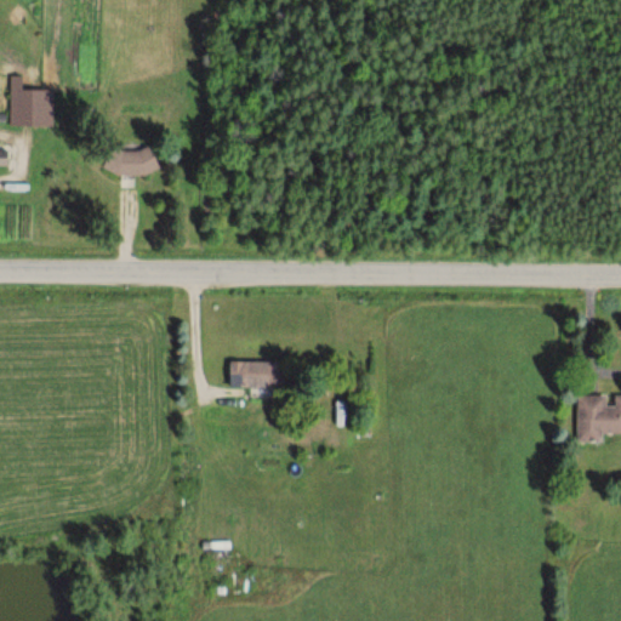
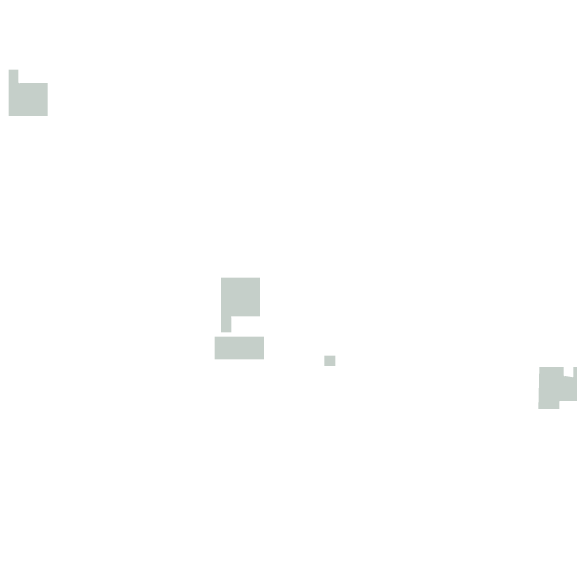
building: [104,144,160,186] -> none
building: none -> [221,277,260,333]

